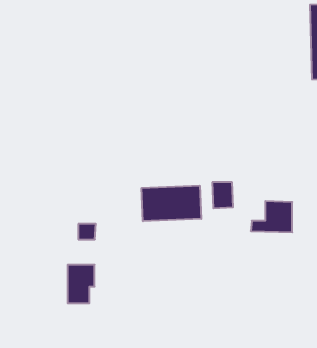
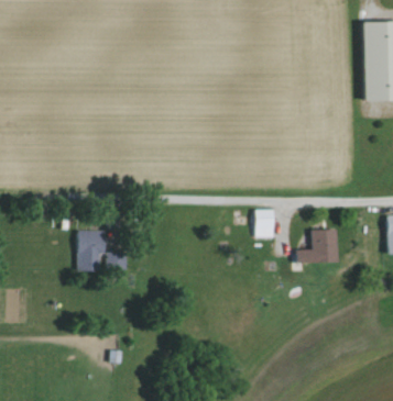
building: [142,186,201,221] -> none
building: [68,265,95,303] -> [78,231,107,271]

